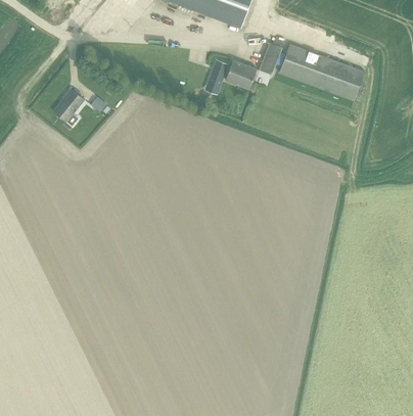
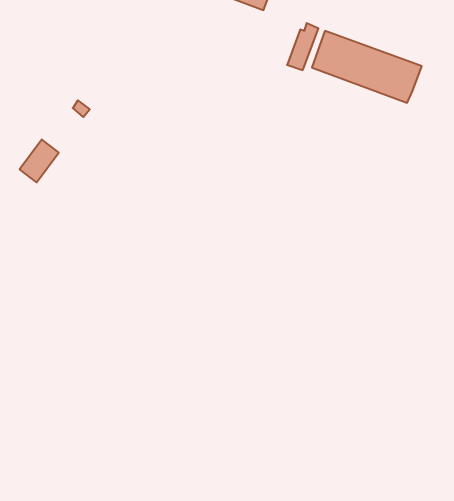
building: [206,59,256,89] -> none
building: [53,89,84,123] -> [20,139,59,182]

